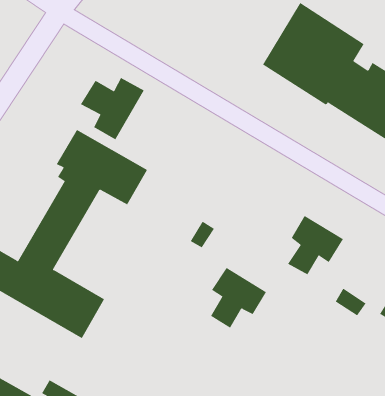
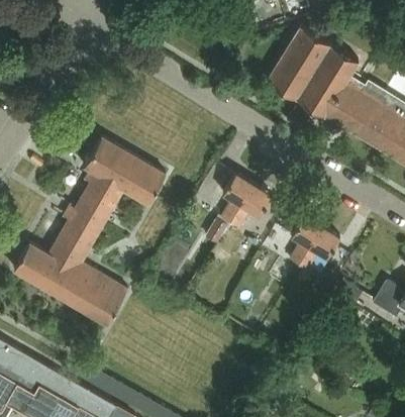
building: [80,77,144,140] -> none
building: [210,267,267,328] -> [220,174,271,228]

